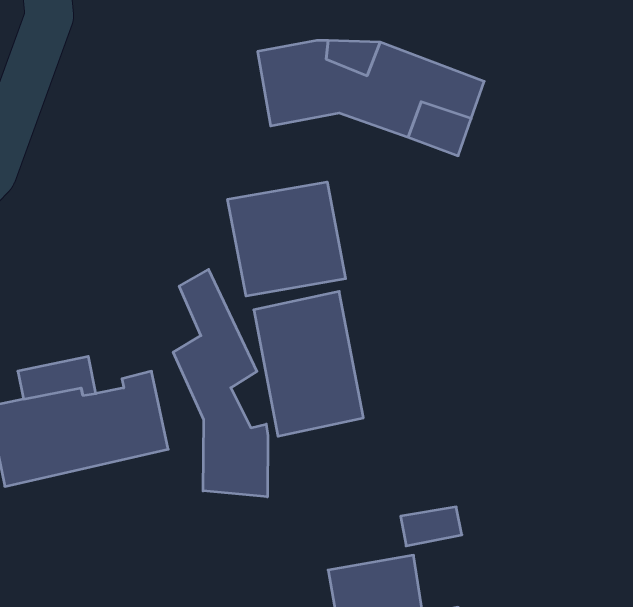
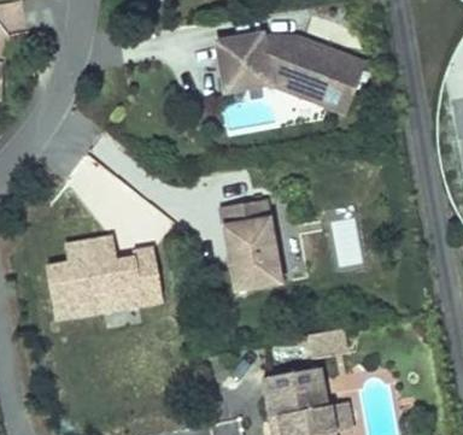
building: [228,182,346,296] -> none
building: [173,269,268,497] -> none

